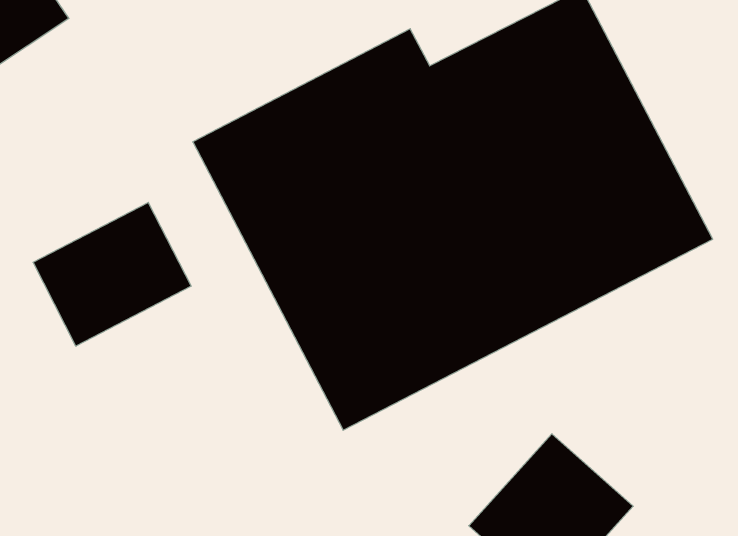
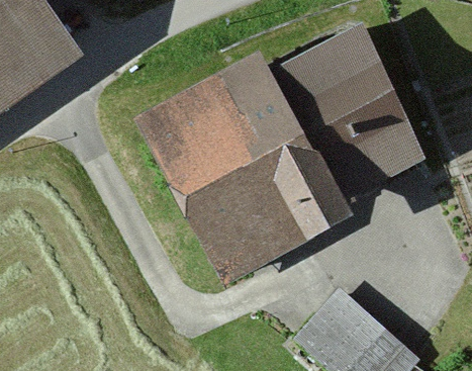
building: [33,202,191,346] -> none

